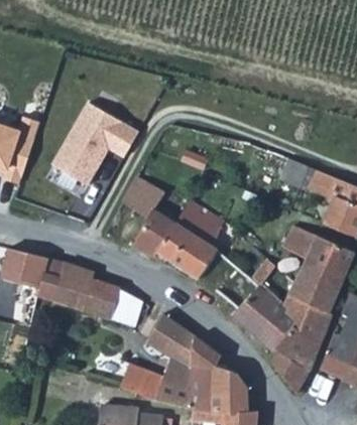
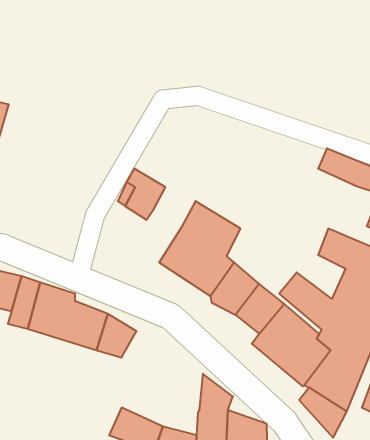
building: [49,101,137,185] -> none
building: [133,205,175,254] -> none
building: [145,317,193,370] -> none

